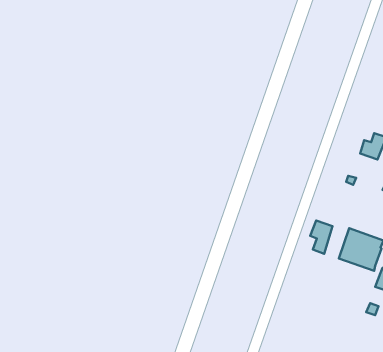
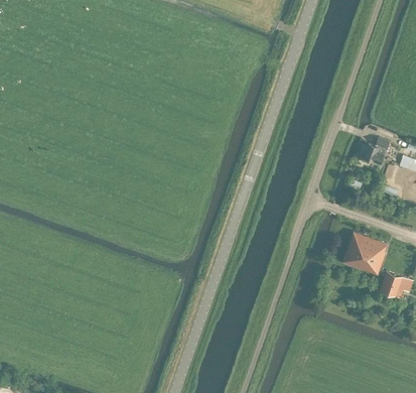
building: [310,220,333,254] -> none

